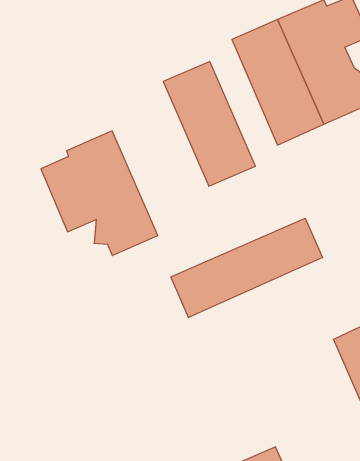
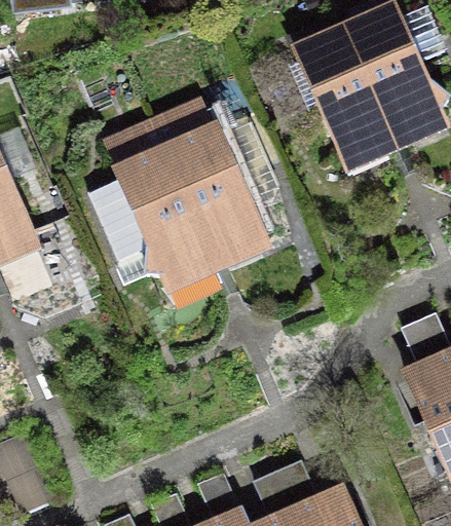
building: [163,62,255,186] -> [166,126,266,261]
building: [171,218,323,318] -> none

